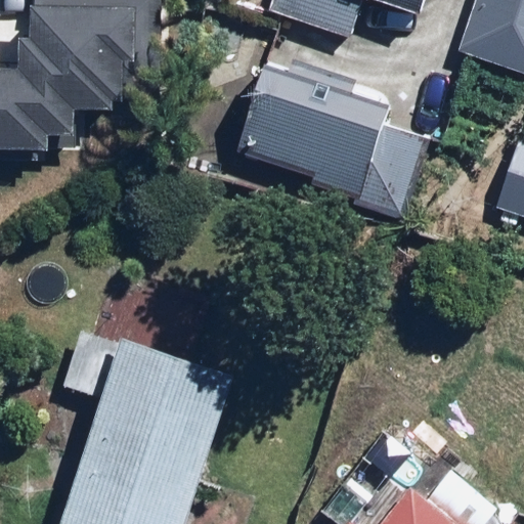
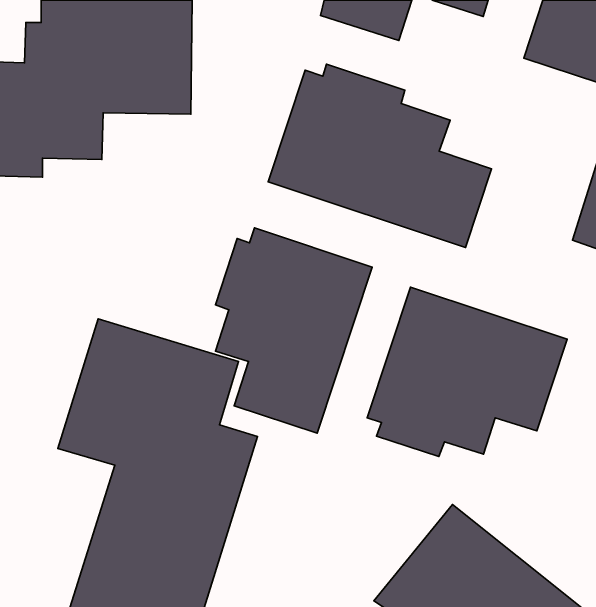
building: none -> [215,228,372,433]
building: none -> [367,287,567,457]

